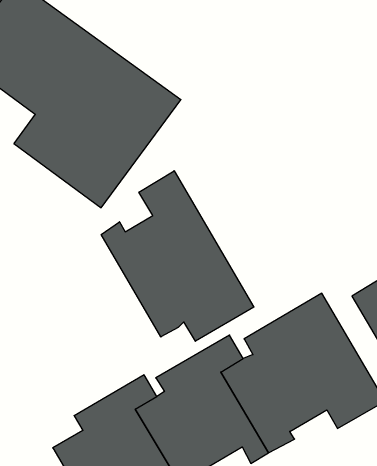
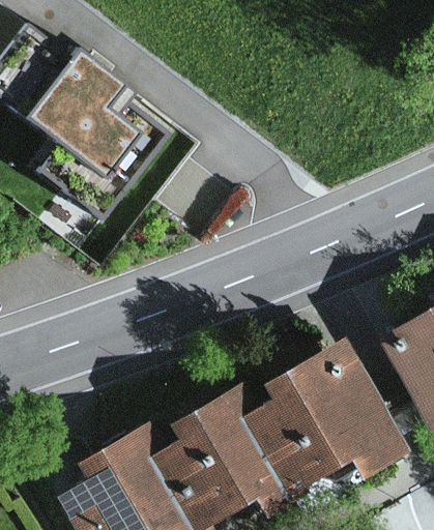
building: [101,171,254,341] -> none

